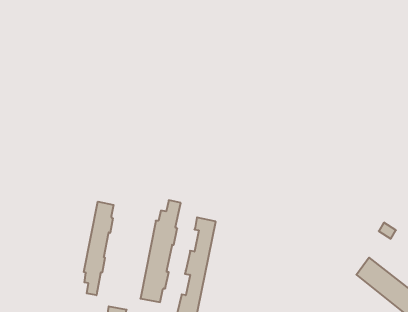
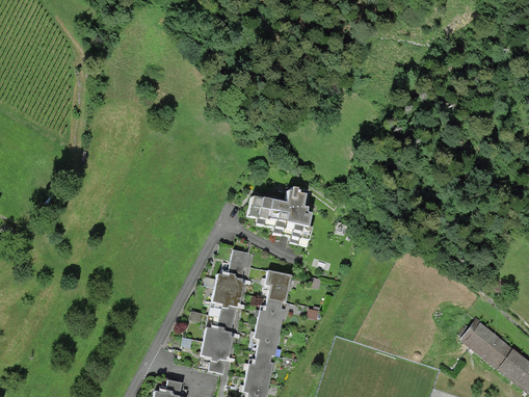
building: none -> [248,188,312,246]
building: [84,202,114,295] -> none

